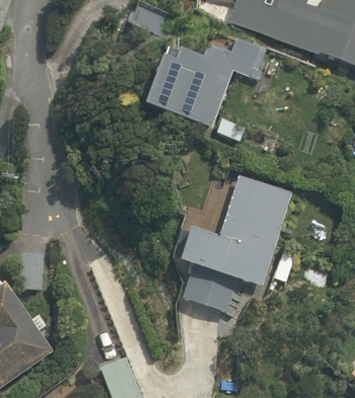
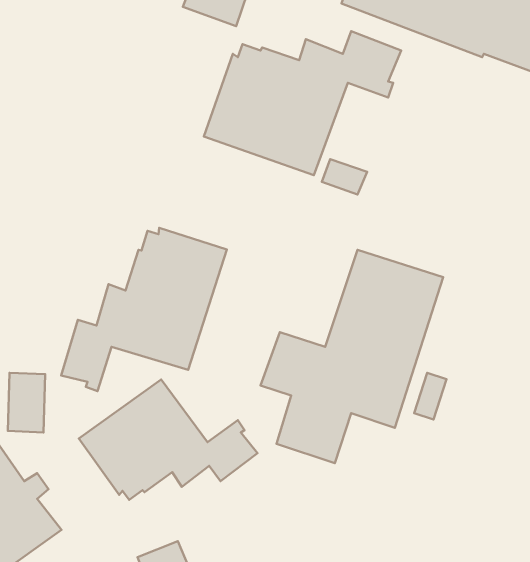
building: none -> [61,228,227,391]
building: none -> [79,379,258,500]

